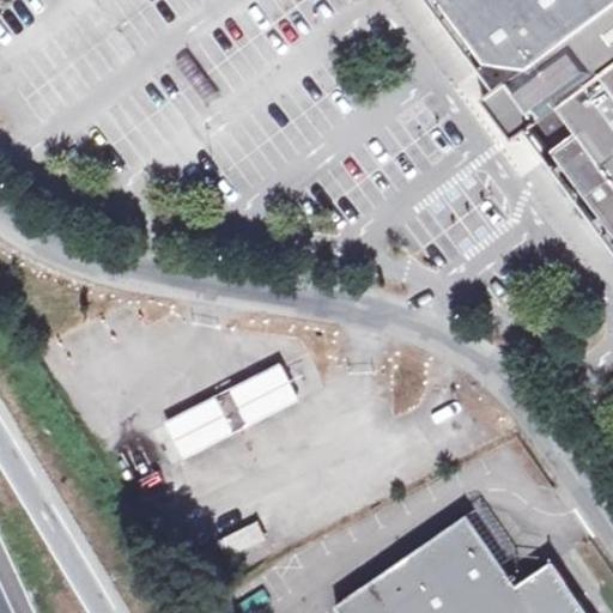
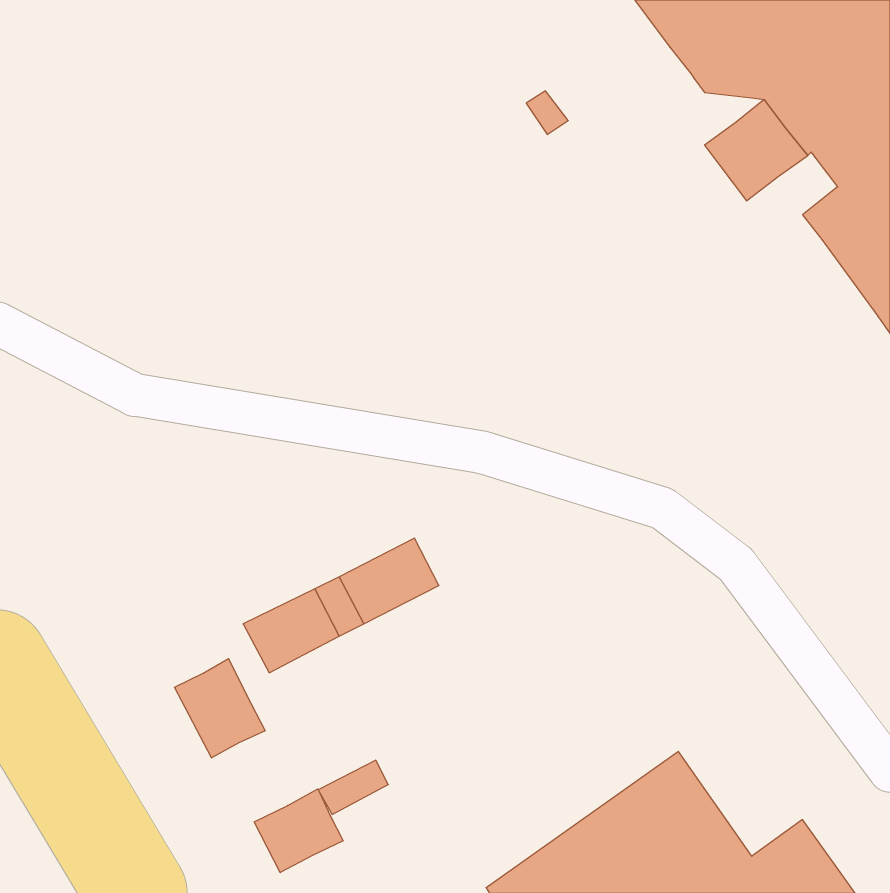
building: none -> [175,659,265,758]
building: none -> [254,789,343,873]

